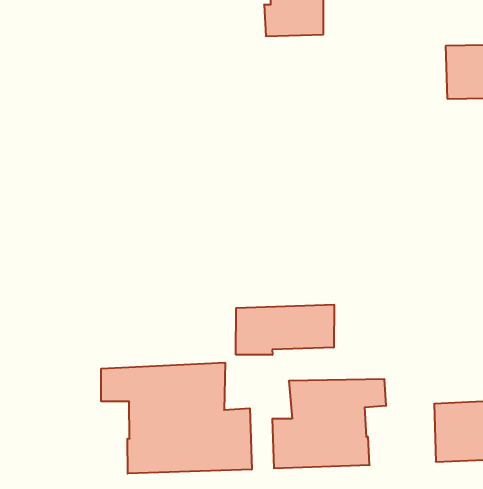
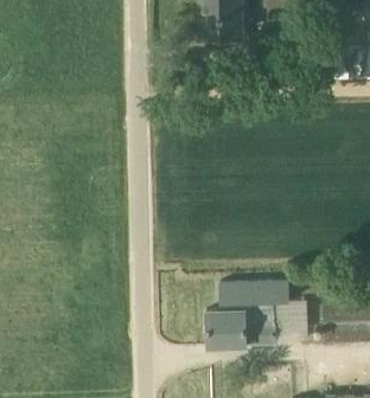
building: [236,305,334,355] -> none
building: [101,363,252,474] -> none

